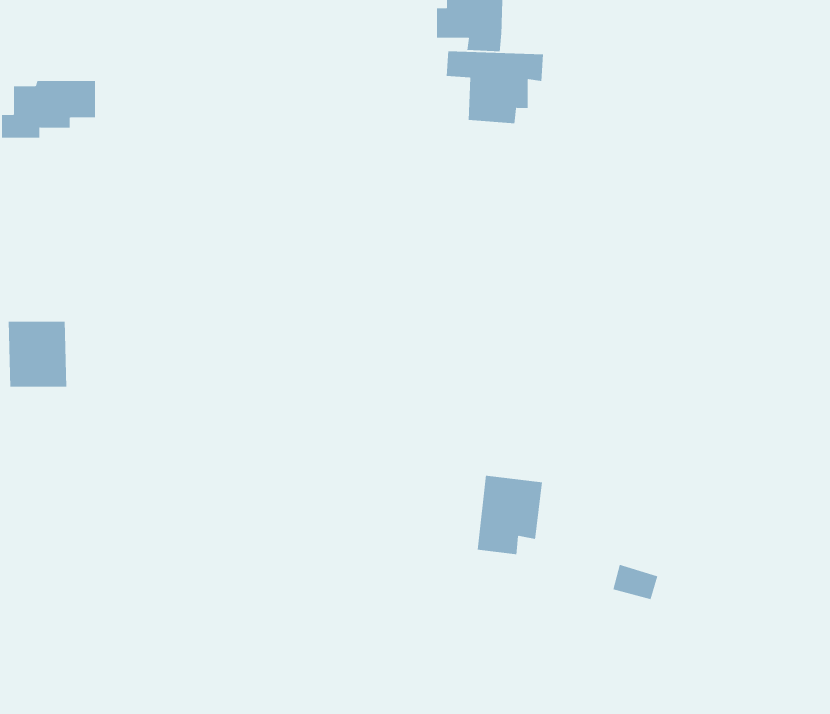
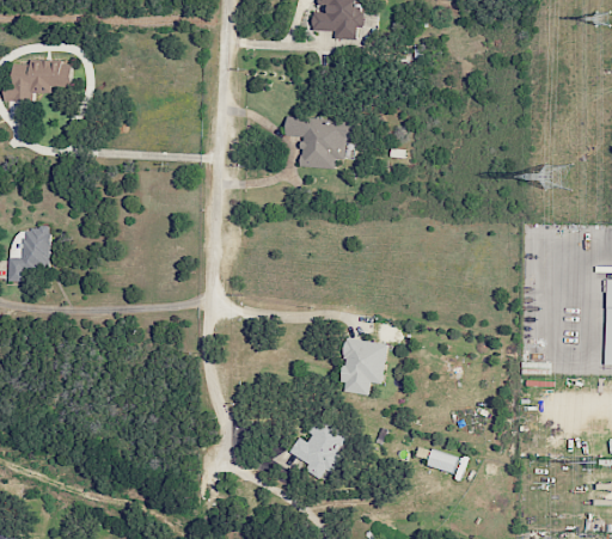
building: [446,51,544,124] -> [284,117,354,169]
building: [612,564,658,600] -> [426,448,458,473]
building: none -> [287,417,349,477]

